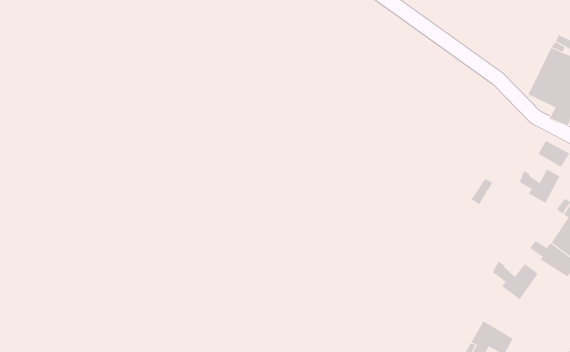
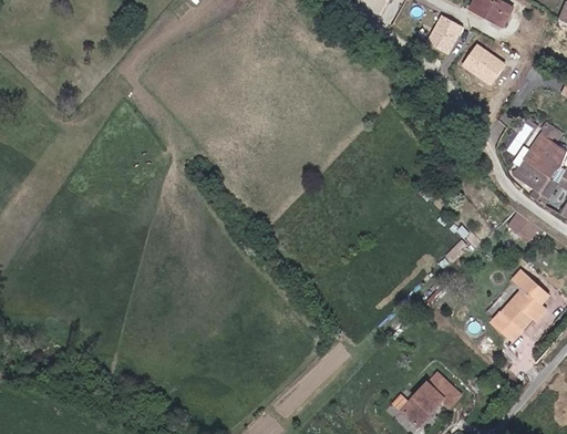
building: [519,169,560,204] -> none
building: [492,260,539,300] -> none

